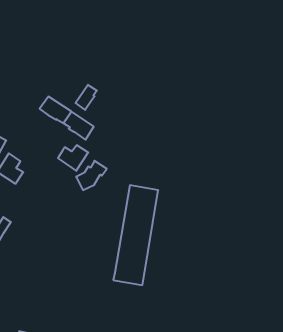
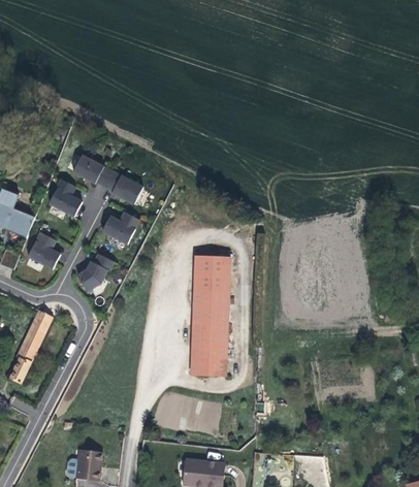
building: [76,85,97,110] -> none
building: none -> [49,178,82,216]
building: [76,161,107,190] -> [77,253,115,291]

